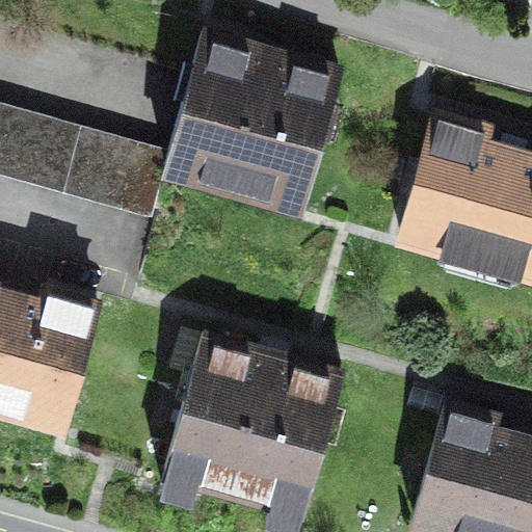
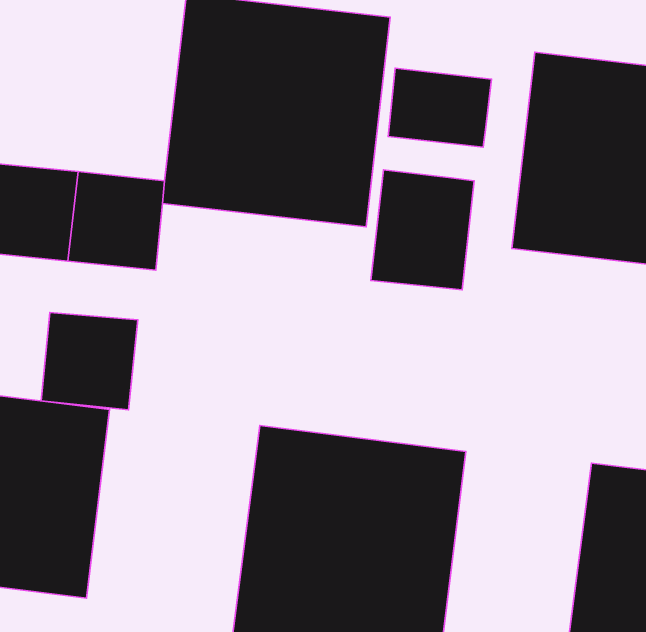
building: none -> [388,68,491,147]
building: none -> [371,170,474,290]
building: none -> [41,312,138,410]

